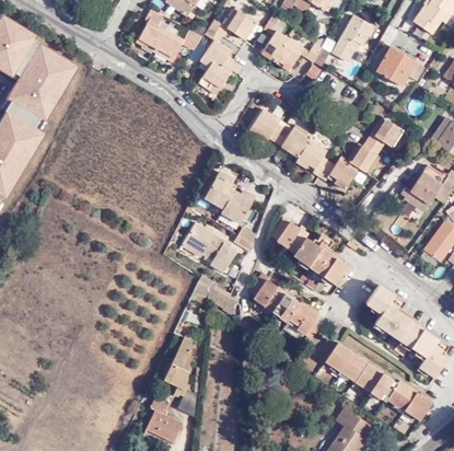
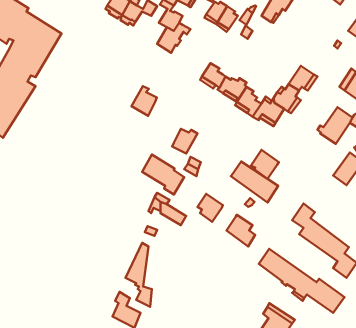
building: [380,44,426,83] -> none
building: [201,173,233,210] -> [131,86,157,116]
building: [273,215,309,251] -> [251,150,279,179]
building: [270,291,300,320] -> none

